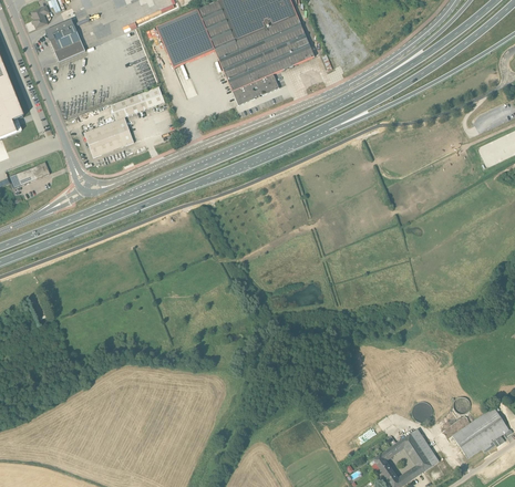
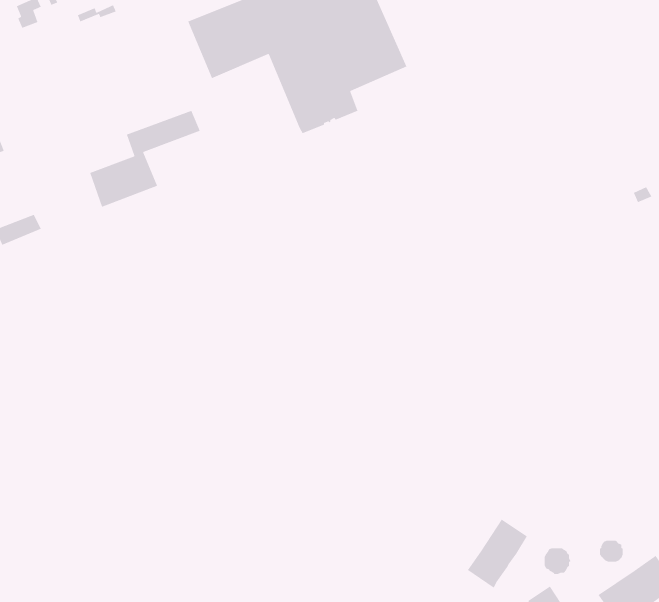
building: [45,18,85,61] -> none
building: none -> [467,518,528,588]

